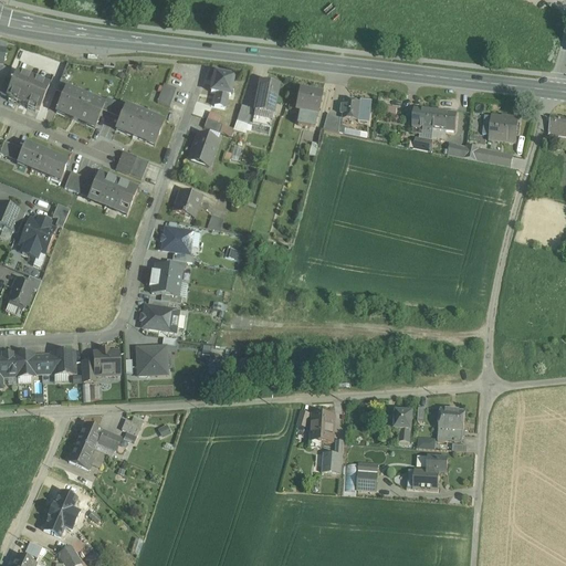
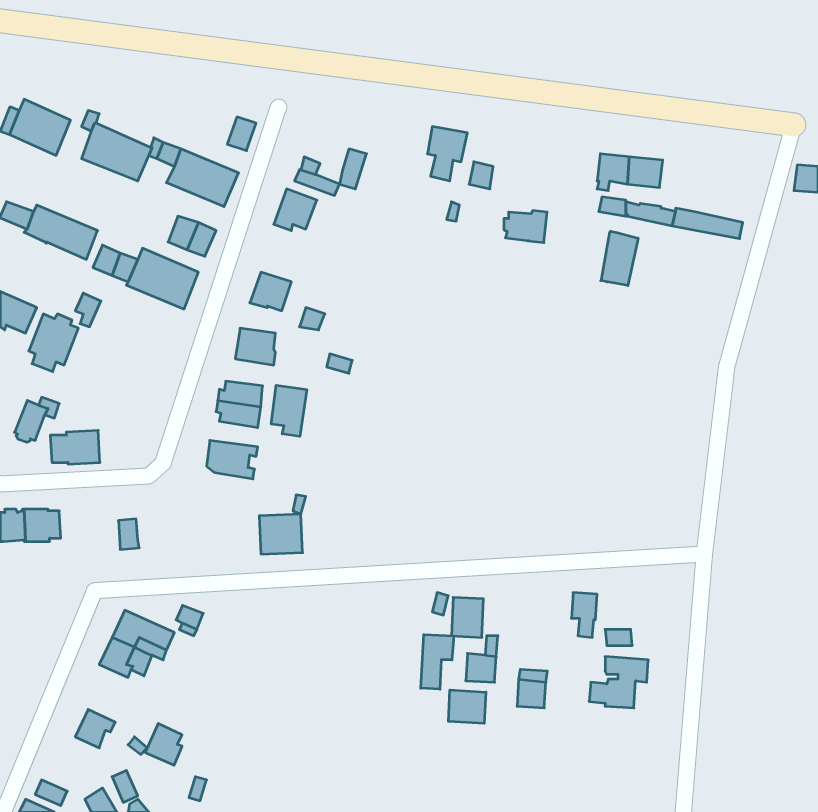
building: [211,67,233,105] -> none
building: [253,78,279,123] -> none
building: [342,97,371,119] -> [504,211,547,243]
building: [483,114,518,140] -> none
building: none -> [601,231,638,286]
building: none -> [271,385,307,436]
building: [137,346,167,374] -> [259,514,303,554]
building: [94,347,119,373] -> none
building: [41,349,75,373] -> [50,430,100,464]
building: [438,407,465,440] -> none
building: none -> [421,635,454,689]
building: none -> [448,690,486,723]
building: [43,509,69,537] -> [145,724,182,765]

